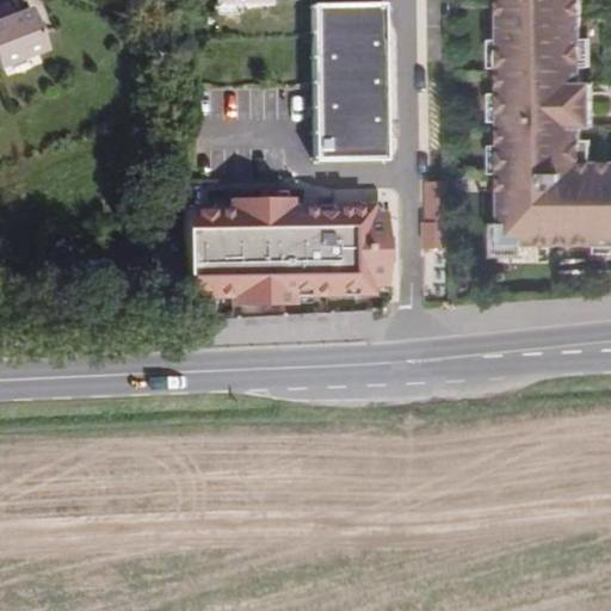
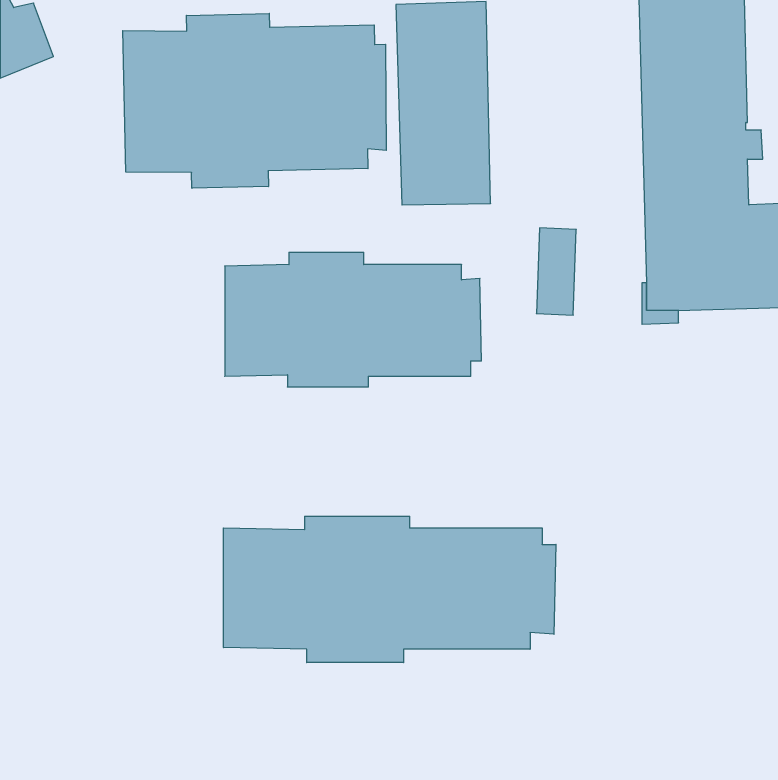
building: none -> [123,13,386,188]
building: none -> [224,516,556,663]

